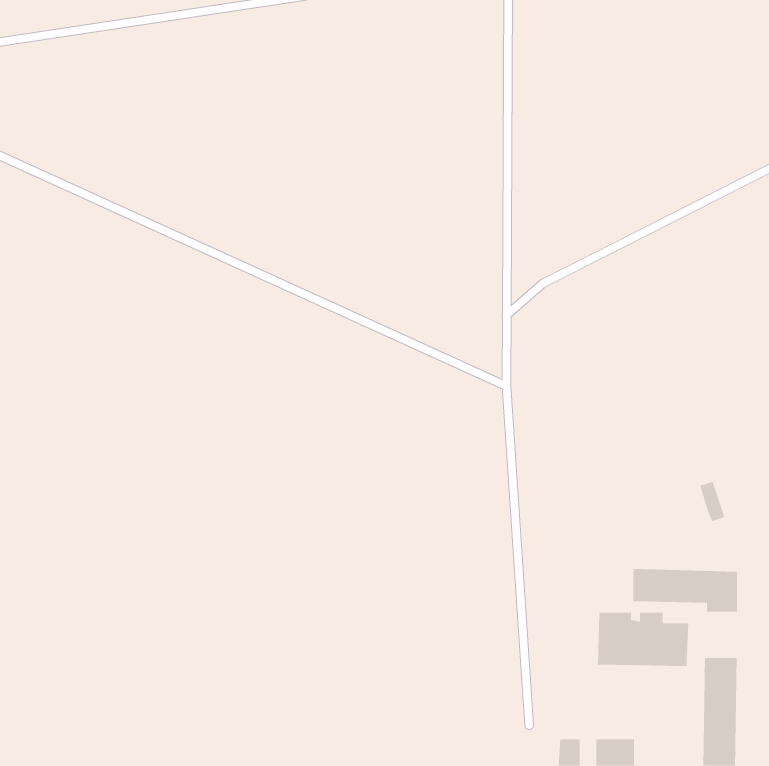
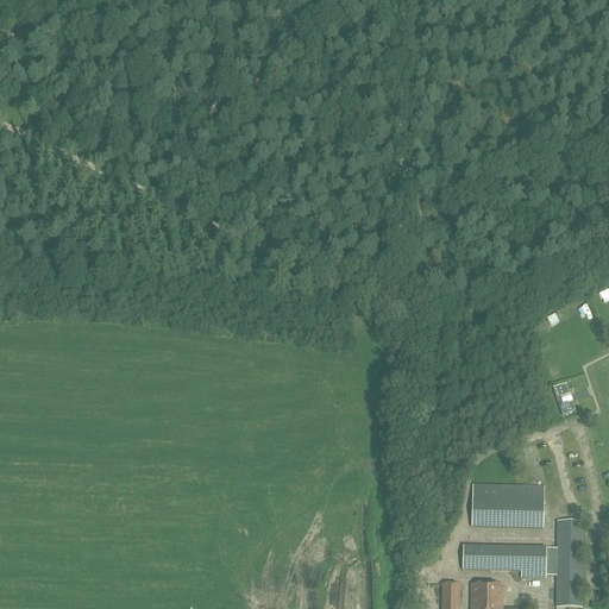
building: [632,568,738,612] -> [462,542,545,577]

